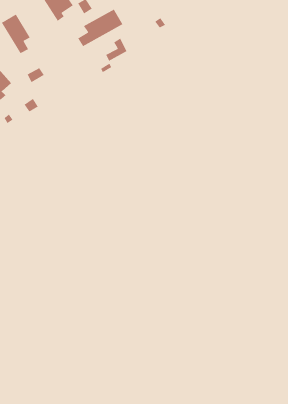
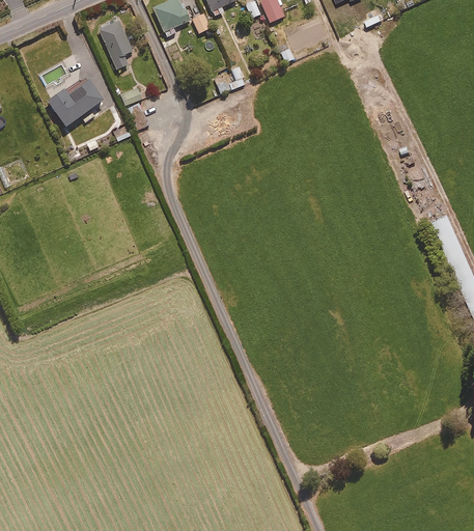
building: [77,8,123,47] -> none

